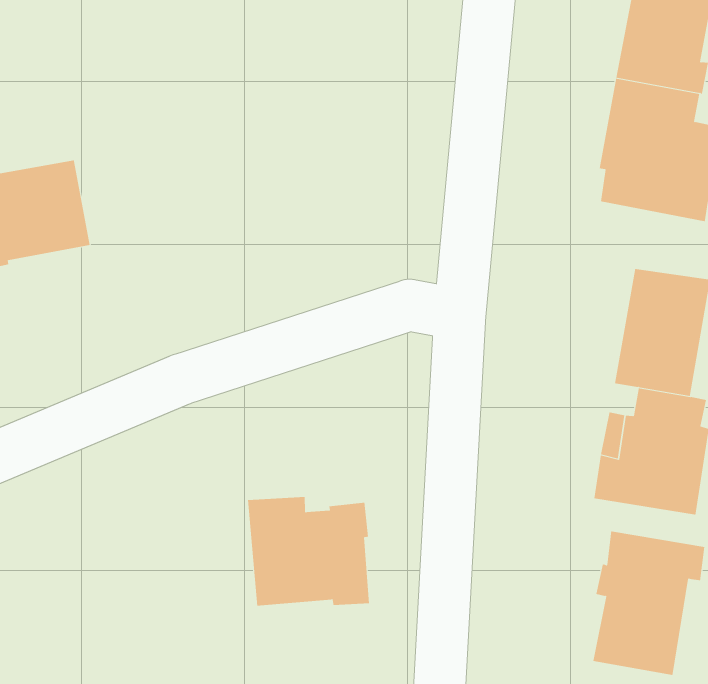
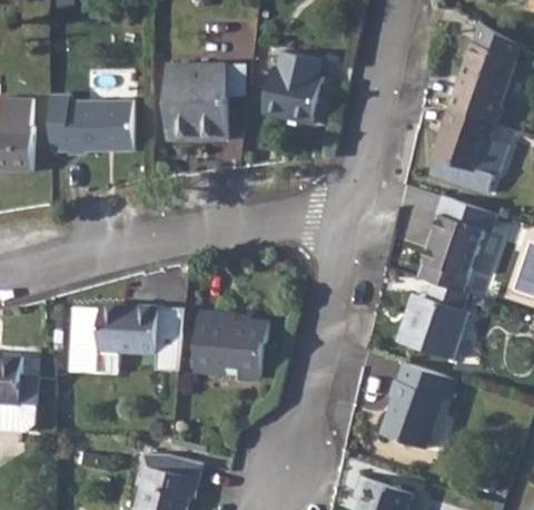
building: none -> [263,53,322,125]
building: none -> [167,62,226,139]
building: none -> [70,304,182,372]

